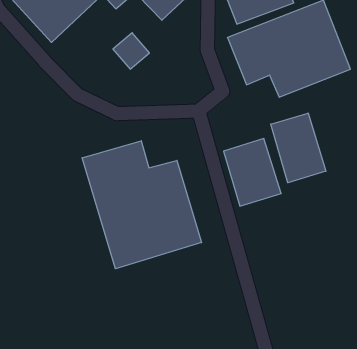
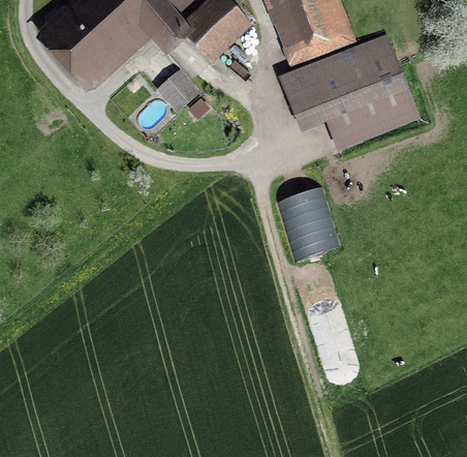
building: [271,113,326,183] -> none
building: [82,141,202,269] -> none

